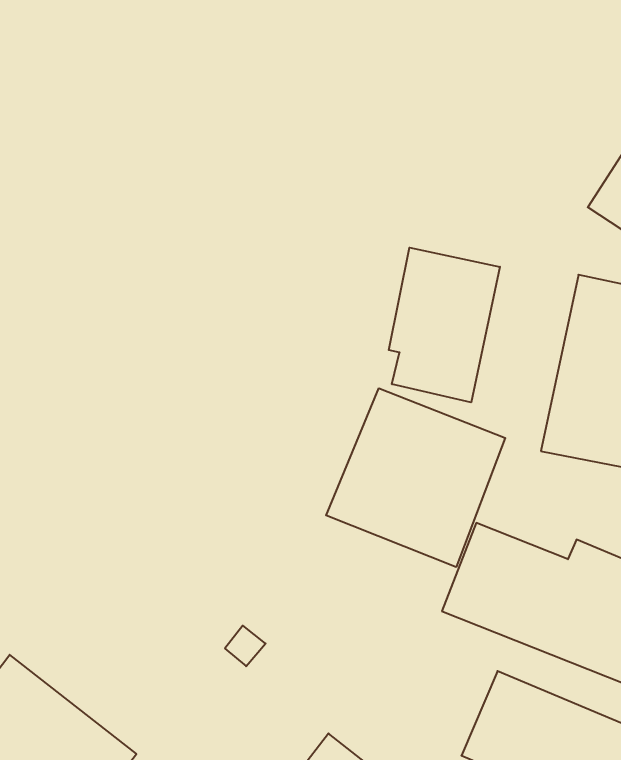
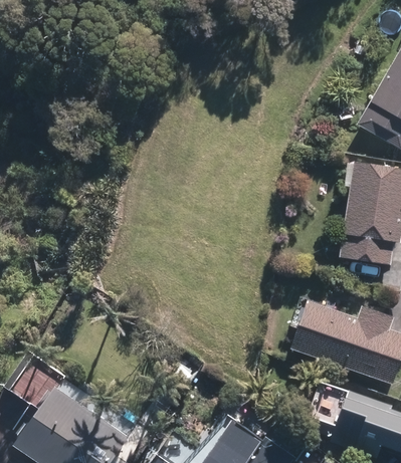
building: [389,248,500,402] -> none
building: [326,388,505,567] -> none

